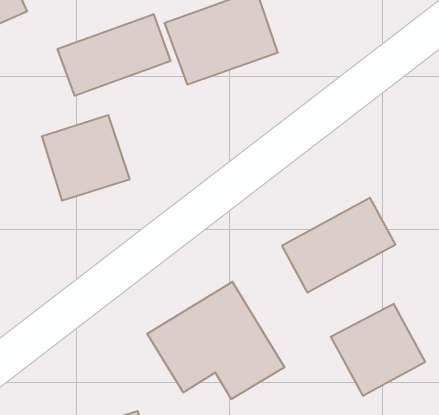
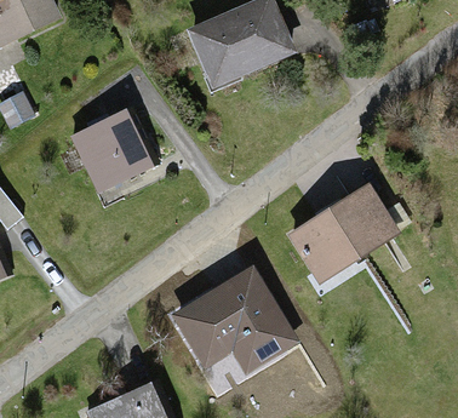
building: [58,14,171,96] -> none
building: [331,304,425,396] -> none

